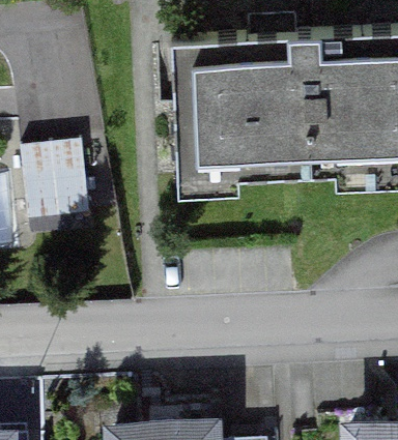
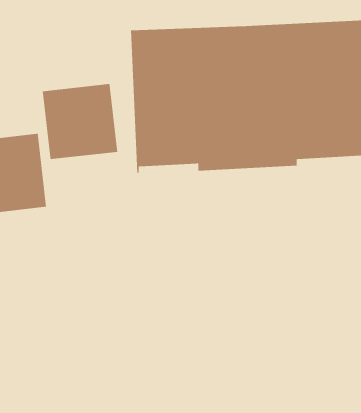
building: none -> [42,83,118,160]

